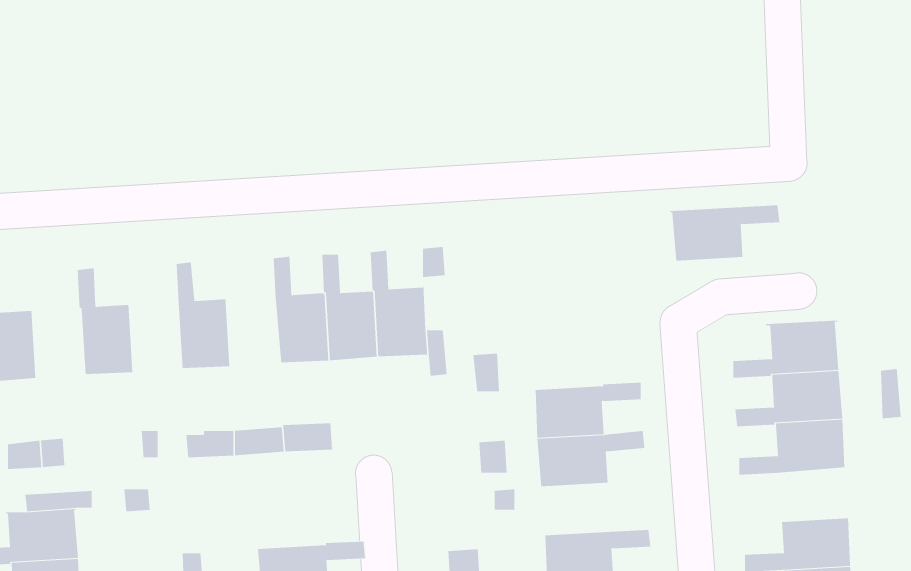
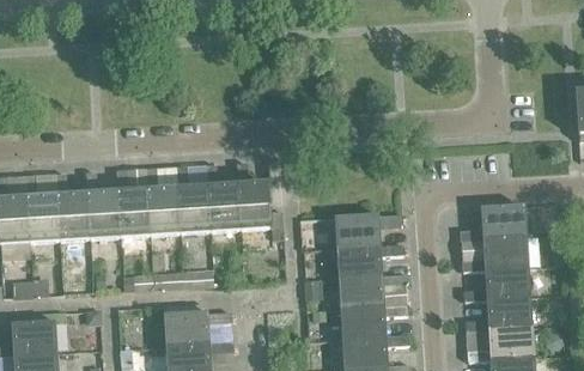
building: [670,205,780,261] -> [334,212,402,247]
building: none -> [146,166,181,232]
building: none -> [85,170,120,236]
building: none -> [25,174,60,239]
building: none -> [464,294,531,329]
building: none -> [341,303,407,336]
building: none -> [164,310,231,345]

